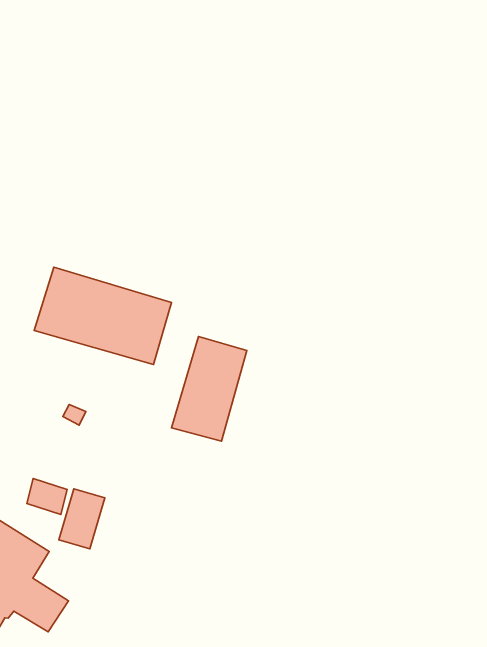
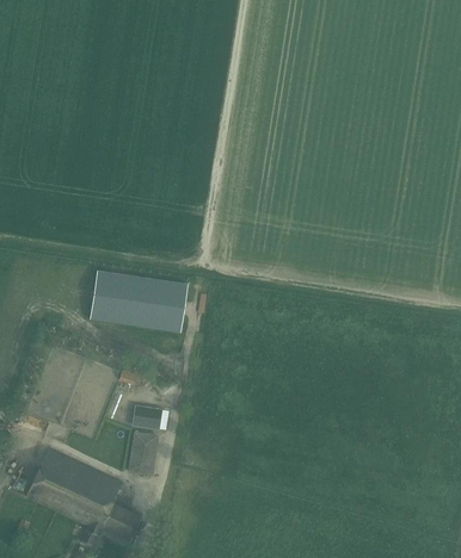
building: [171,336,247,441] -> none
building: [27,479,67,514] -> [133,405,161,429]

